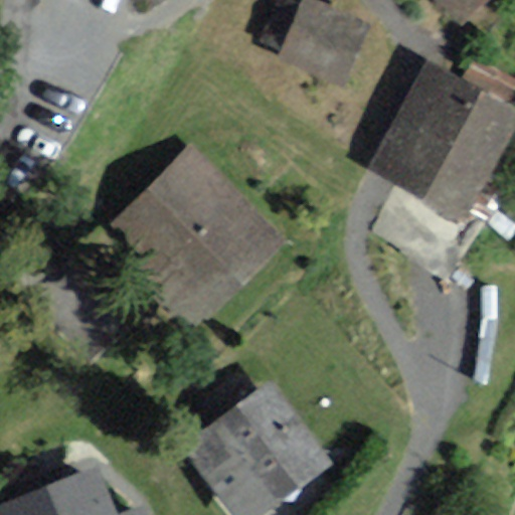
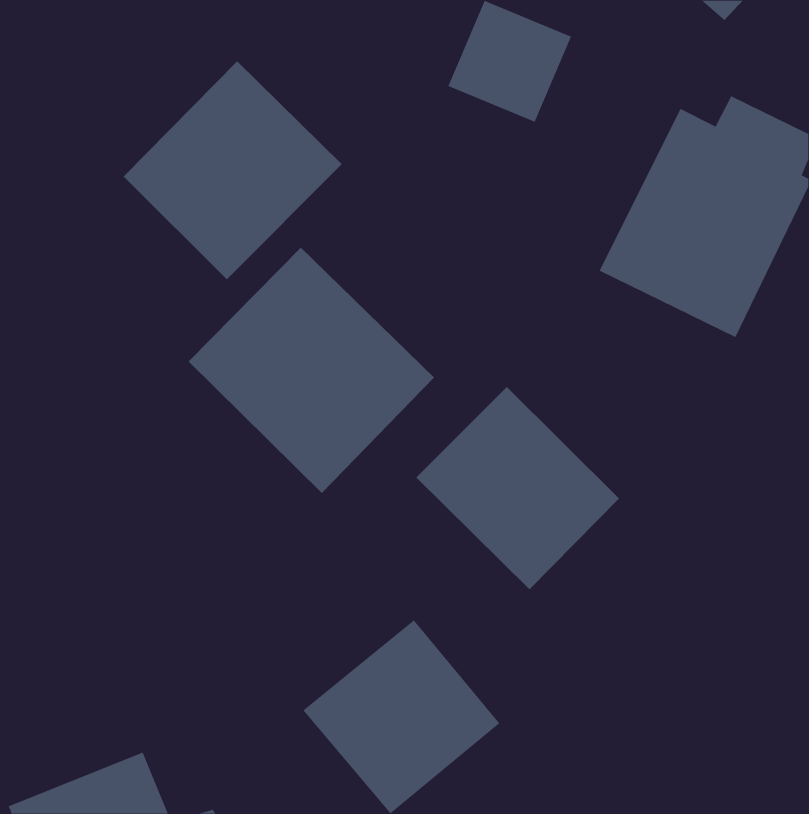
building: none -> [123,60,343,280]
building: none -> [415,386,620,590]

